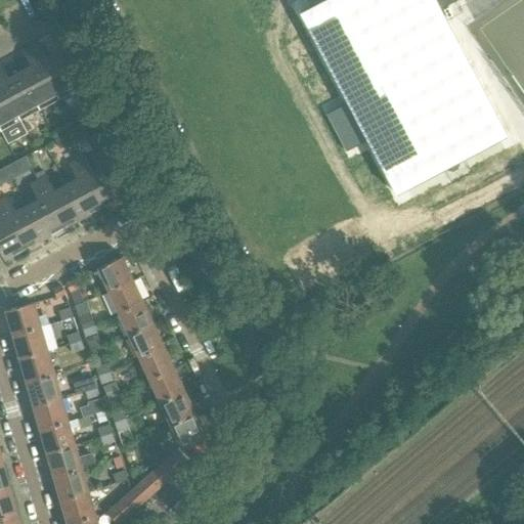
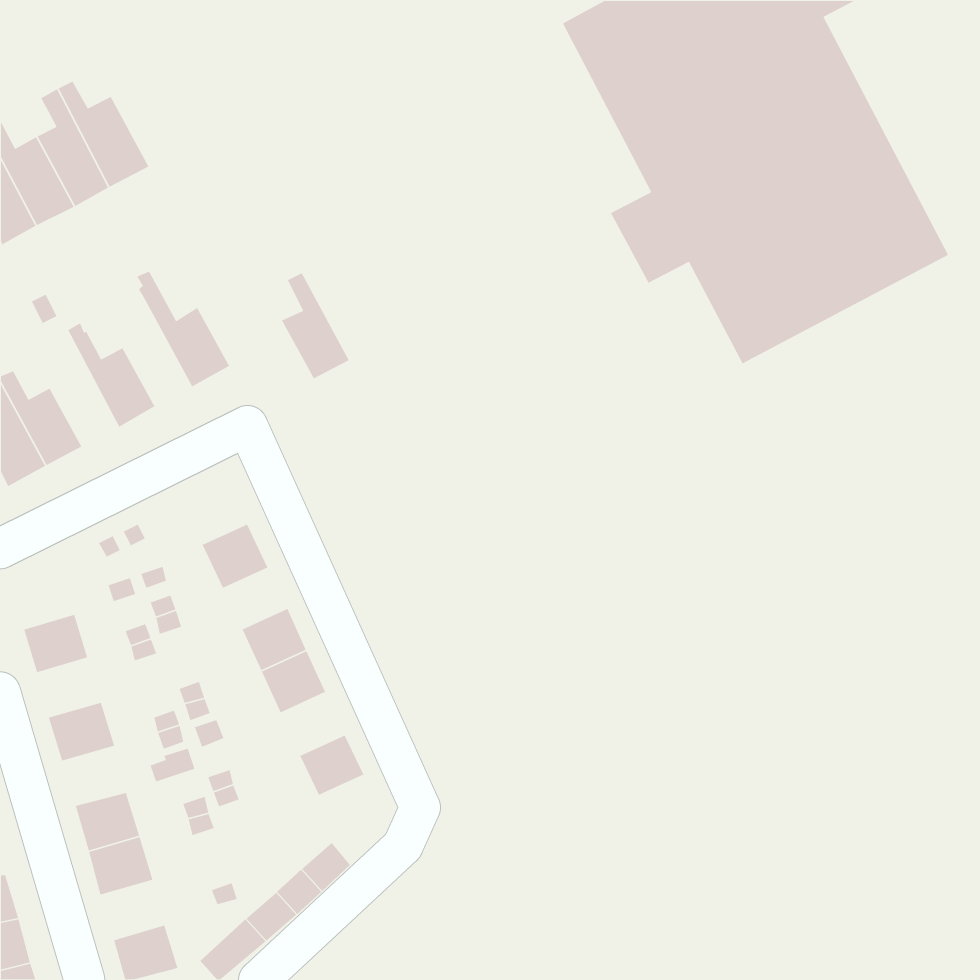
building: [66,160,102,217] -> [281,272,350,380]
building: [27,176,63,238] -> none
building: [97,257,132,291] -> none
building: [5,303,40,336] -> none
building: [119,303,154,336] -> none
building: [19,351,54,383] -> none
building: [149,369,184,403] -> none
building: [33,398,68,430] -> none
building: [170,413,205,447] -> none
building: [53,470,88,501] -> none

